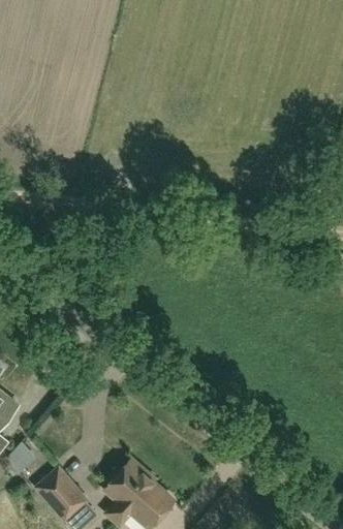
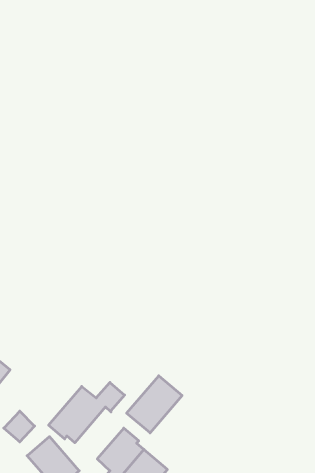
building: none -> [127,376,182,433]
building: none -> [49,382,125,443]

